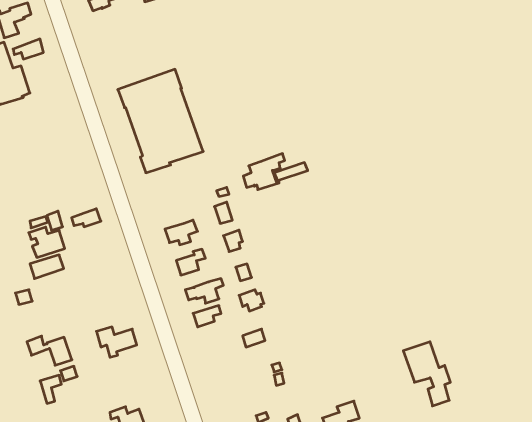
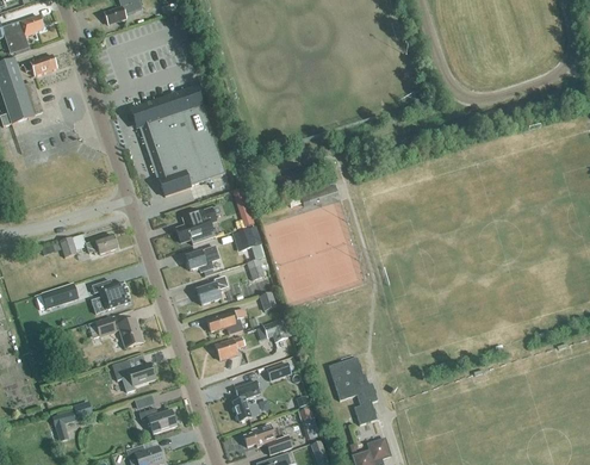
building: [243,154,285,190] -> [176,205,221,243]
building: [29,227,65,257] -> [92,279,130,311]
building: [27,336,72,365] -> [95,316,143,347]
building: [403,342,450,406] -> [328,356,378,424]
building: none -> [232,380,261,421]
building: none -> [138,407,176,433]
building: none -> [243,423,292,454]

